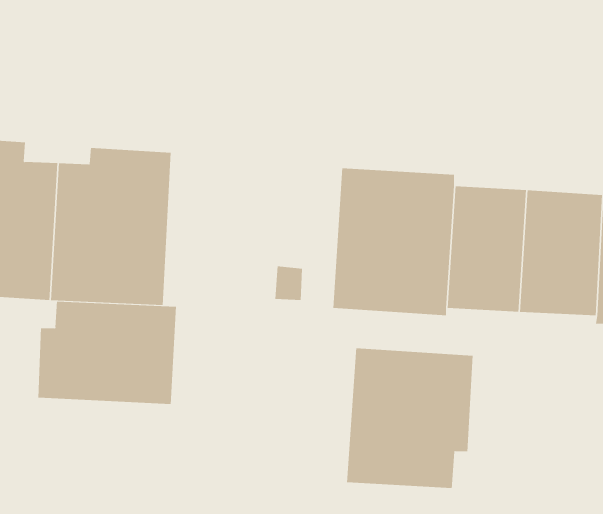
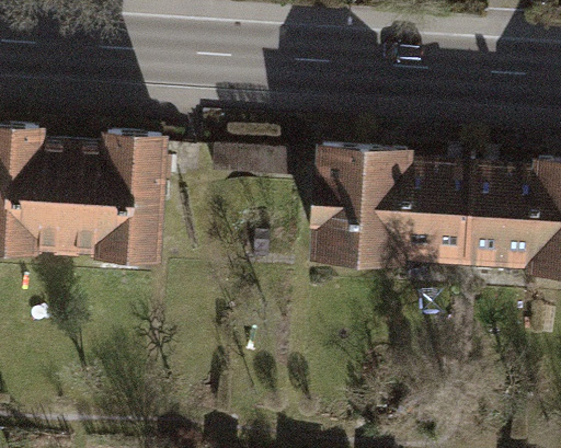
building: [38,301,177,405] -> none
building: [347,348,473,489] -> none

